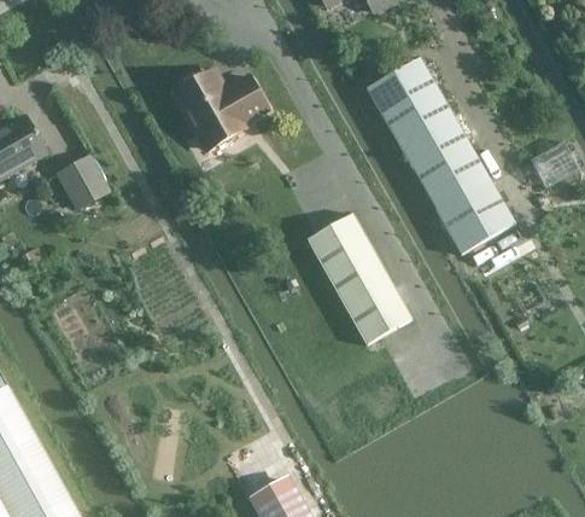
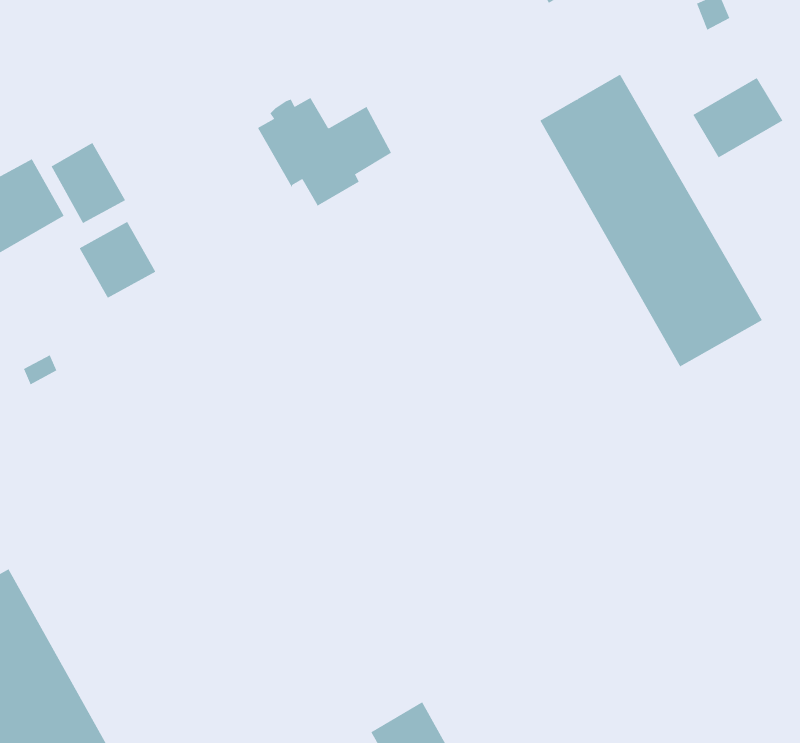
building: none -> [692,77,783,158]
building: none -> [51,142,126,224]
building: [305,213,411,344] -> none

